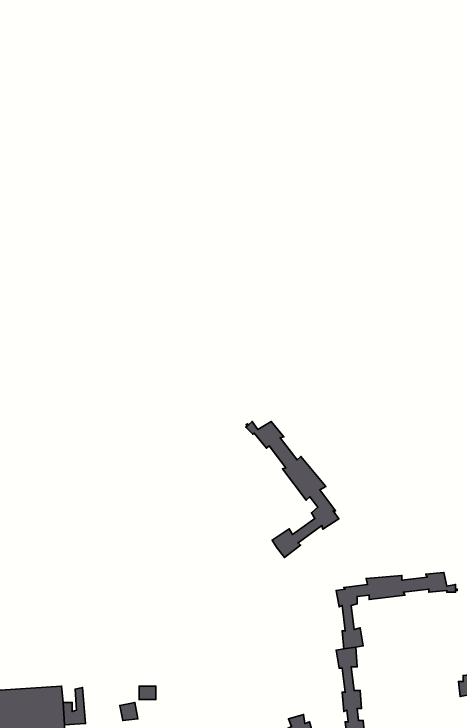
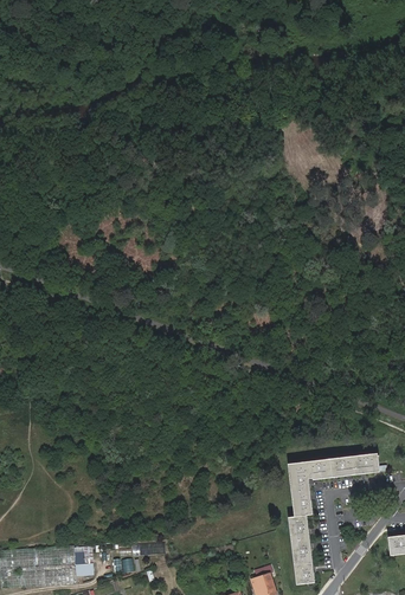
building: [246,422,339,558] -> none

